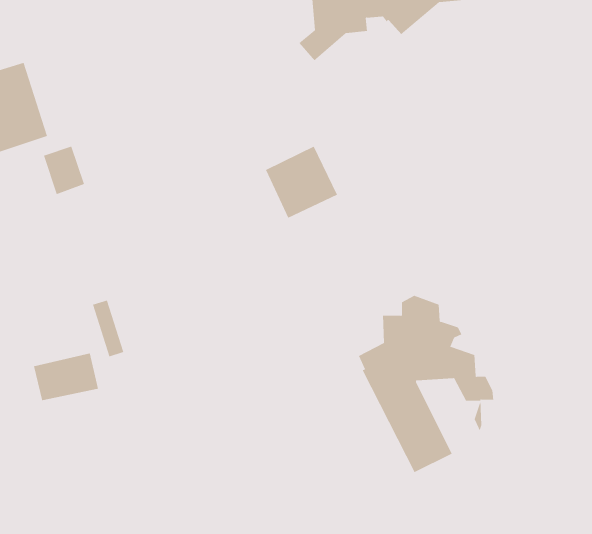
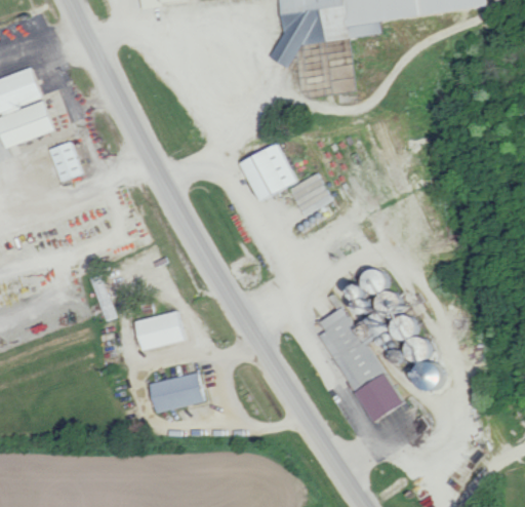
building: none -> [292,173,334,215]
building: [33,353,99,401] -> [132,309,189,350]
building: none -> [147,370,209,413]

